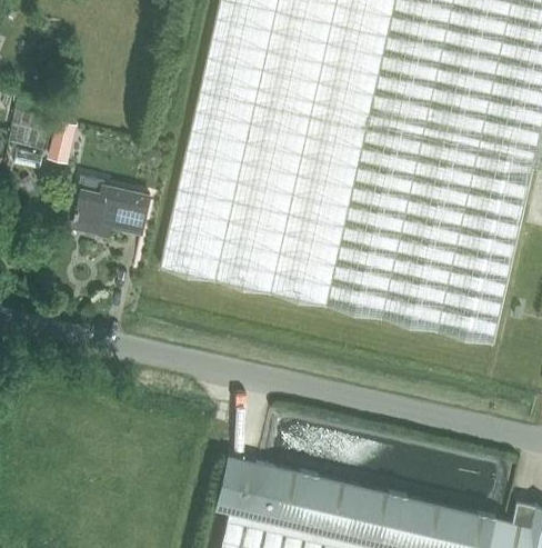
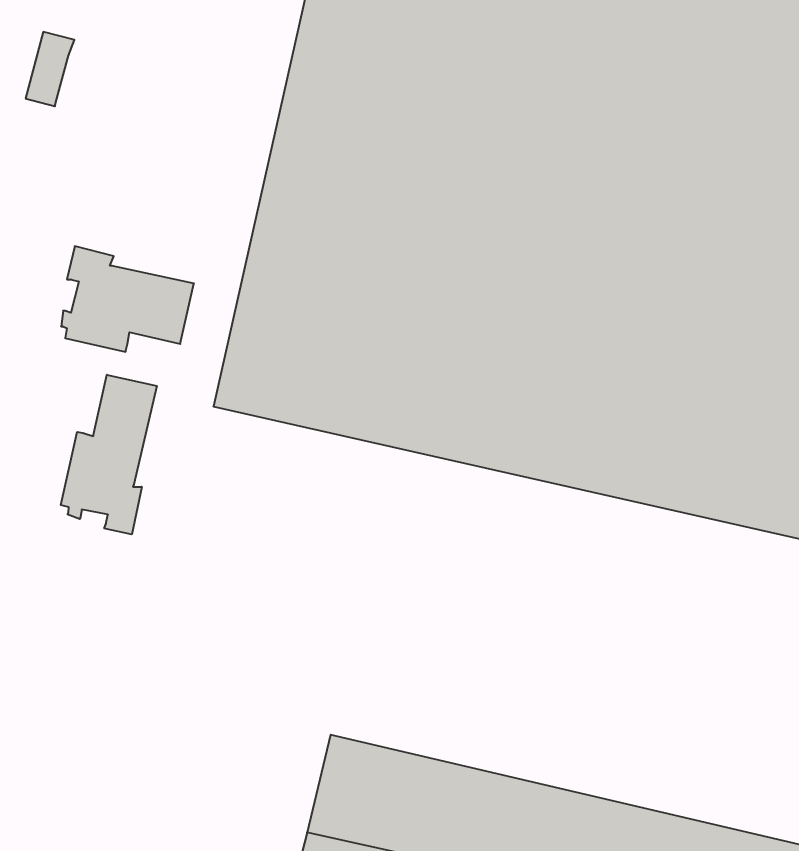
building: [48,123,76,166] -> [26,32,74,106]
building: none -> [61,375,157,534]

